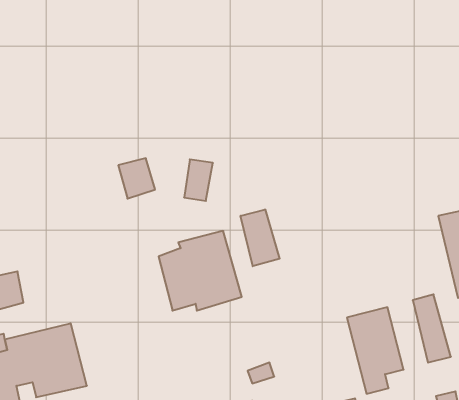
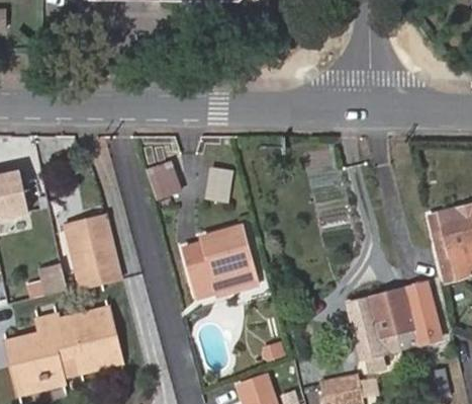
building: [241,209,280,266] -> none
building: none -> [68,217,121,287]
building: none -> [385,288,420,348]

